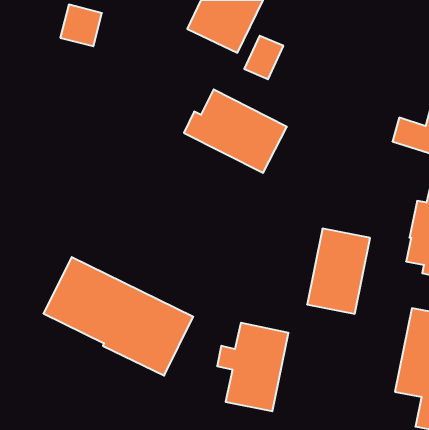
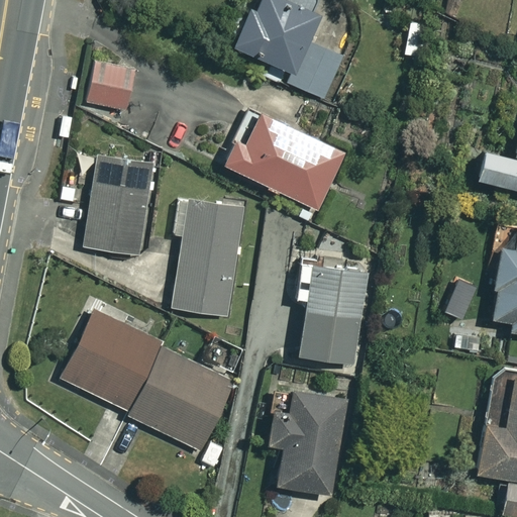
building: [60,5,102,46] -> [88,63,137,112]
building: none -> [86,156,152,255]
building: none -> [175,202,243,317]
building: [307,229,370,314] -> [296,263,371,364]

